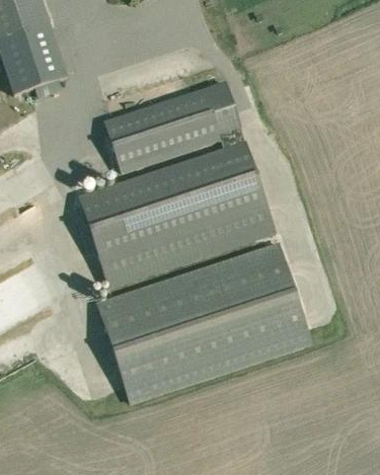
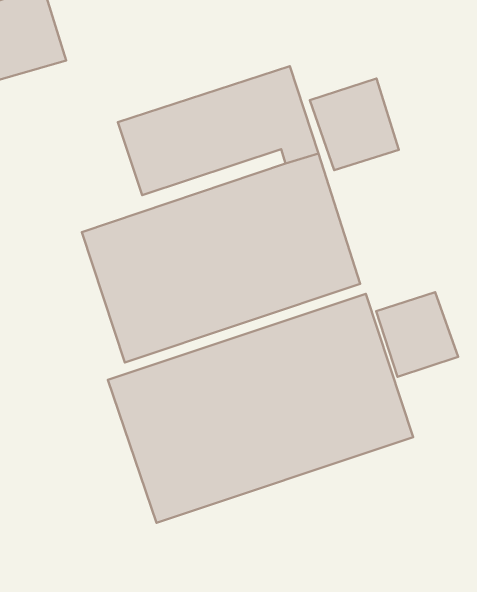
building: none -> [310,78,399,170]
building: none -> [376,292,458,377]

